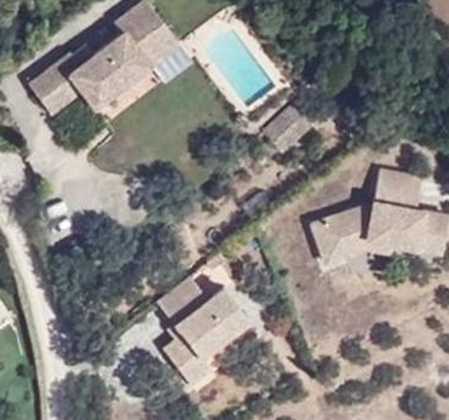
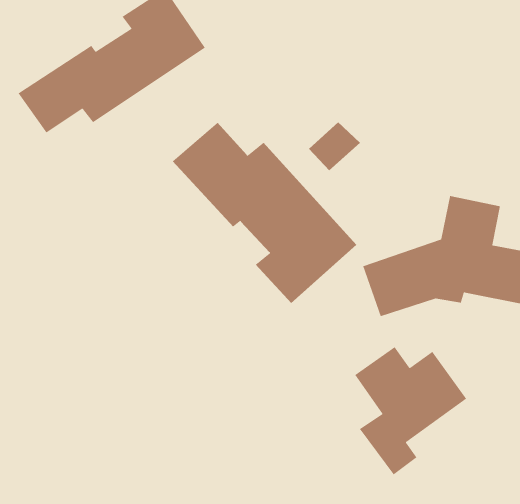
building: none -> [172,122,357,304]
building: [159,281,249,385] -> [354,346,467,476]

